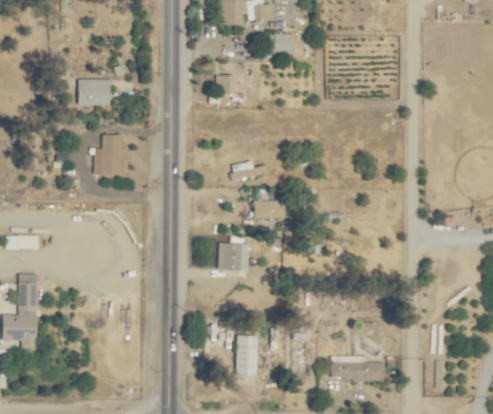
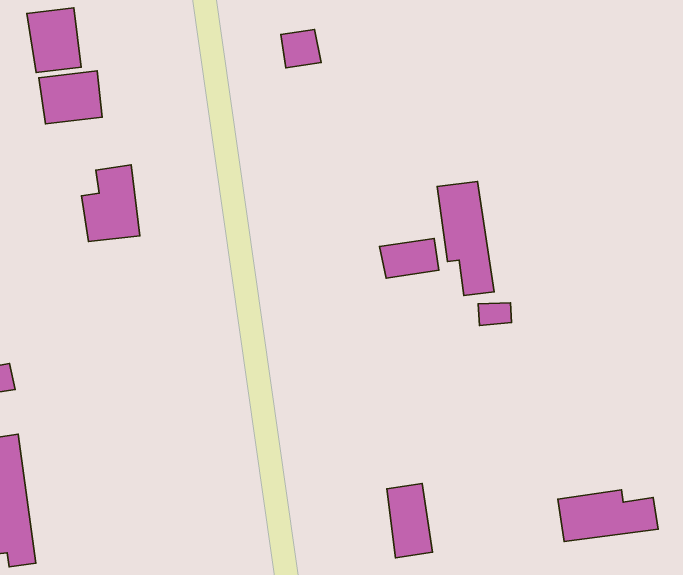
building: none -> [27,8,81,73]
building: none -> [437,181,494,295]
building: [218,243,249,271] -> none

